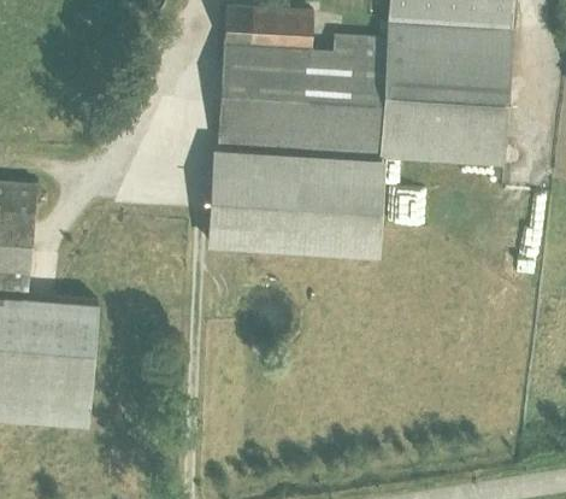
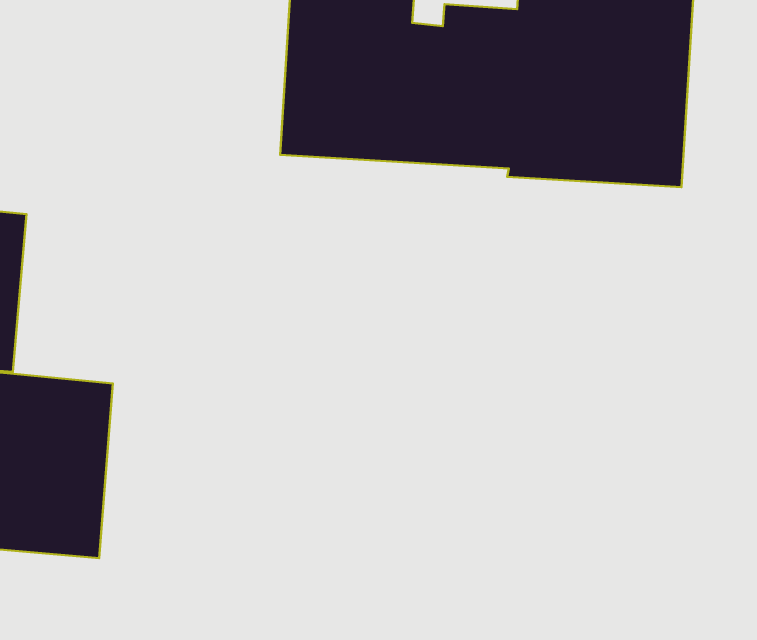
building: [207,151,384,259] -> none

